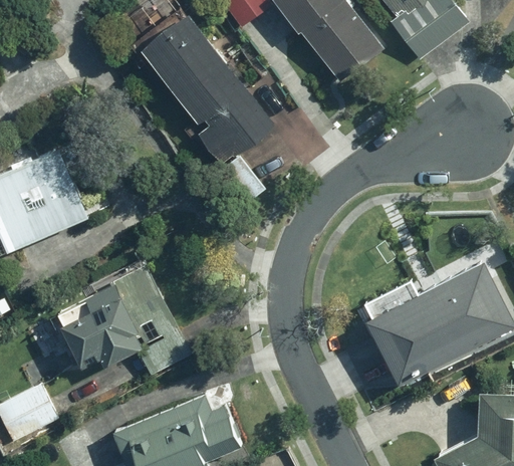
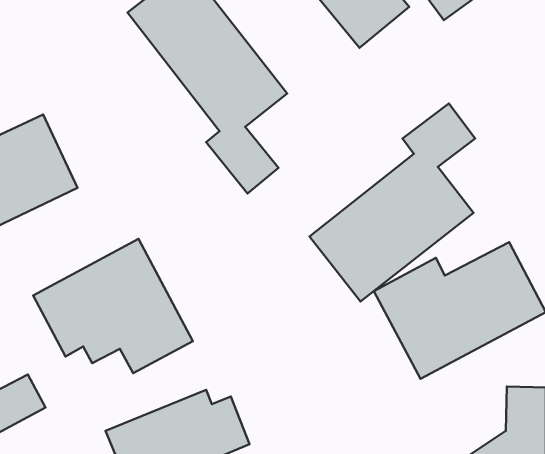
building: none -> [309,104,475,302]

